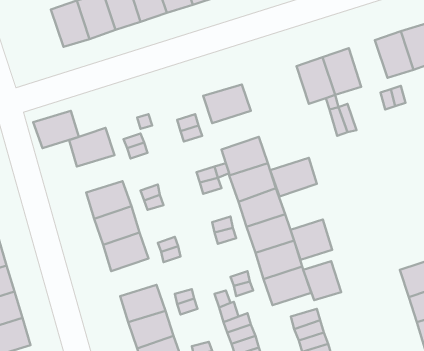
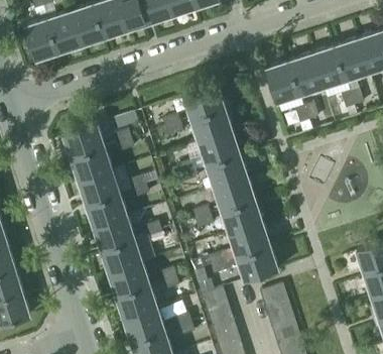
building: none -> [23,20,58,62]
building: none -> [311,47,346,89]
building: [33,111,79,148] -> [71,149,111,183]
building: [270,158,317,196] -> [190,110,232,144]
building: [291,219,332,260] -> none
building: none -> [101,241,141,274]
building: [303,261,341,300] -> none

